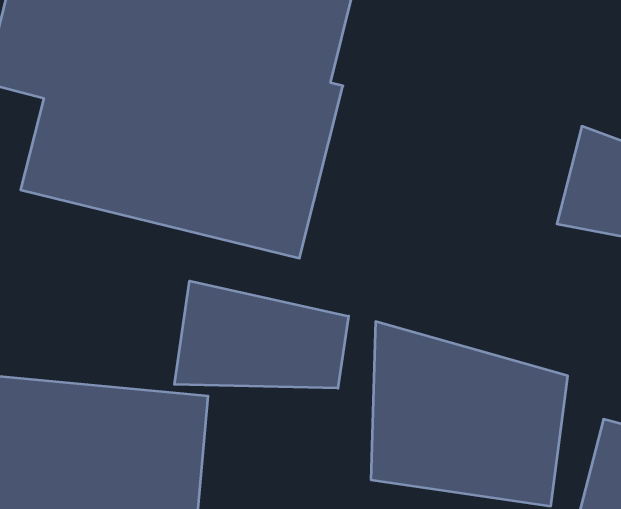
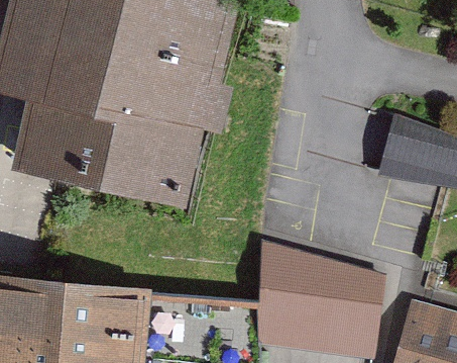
building: [174,281,349,388] -> none

